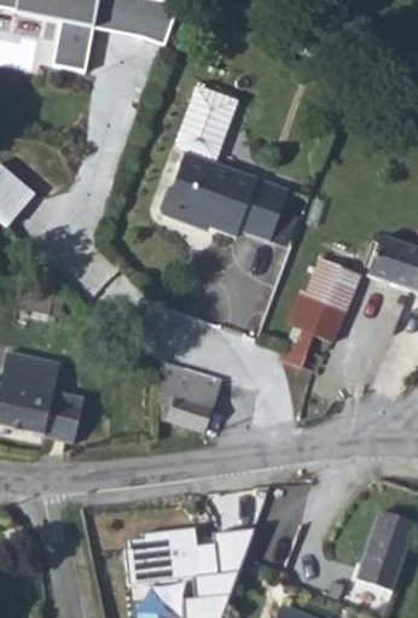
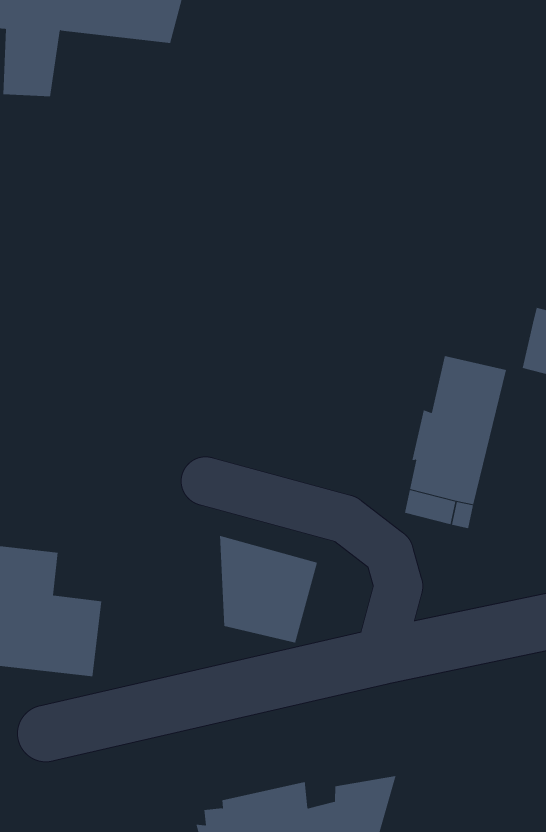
building: [157,87,286,244] -> none

